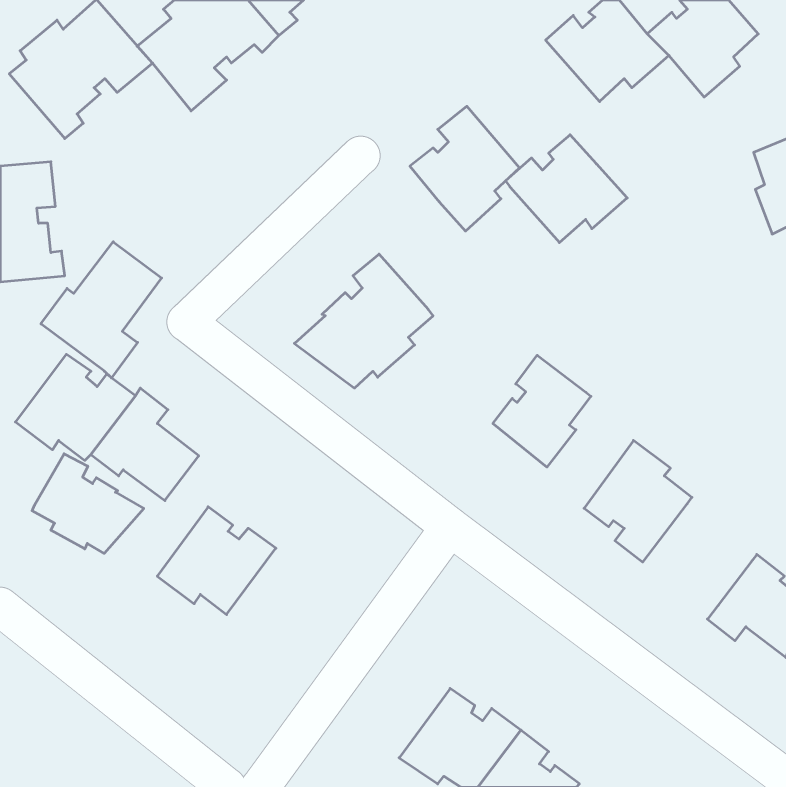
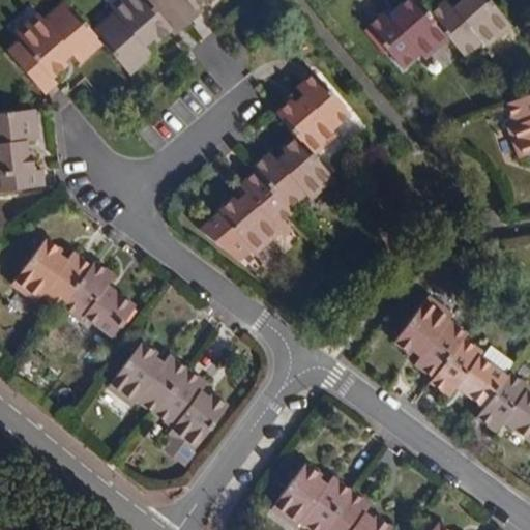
building: [505,135,627,243] -> [253,136,334,208]
building: [41,242,162,378] -> none
building: [493,355,591,467] -> none
building: [32,454,144,553] -> none
building: none -> [430,338,506,407]
building: none -> [153,369,227,451]

